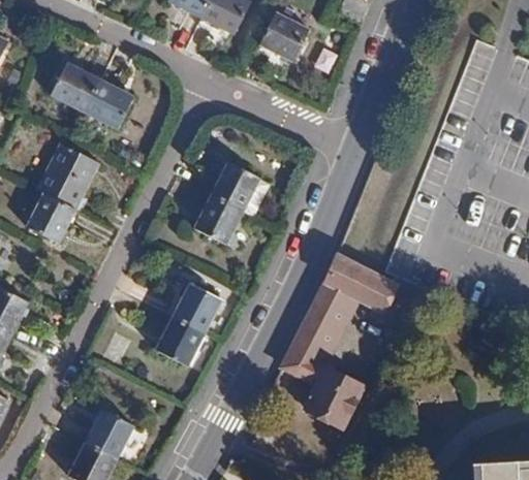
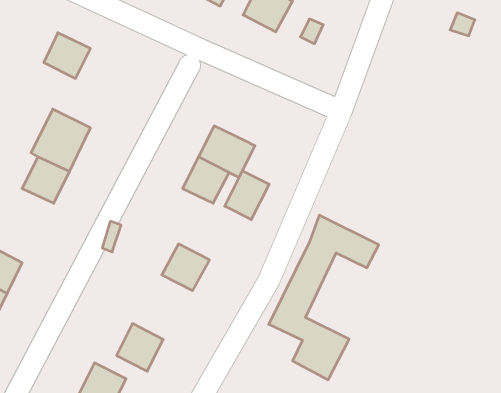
building: [83,79,131,127] -> none
building: none -> [225,171,269,220]
building: [156,315,205,364] -> [117,324,163,371]

